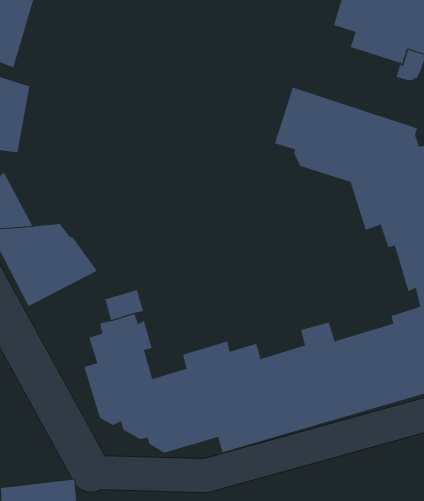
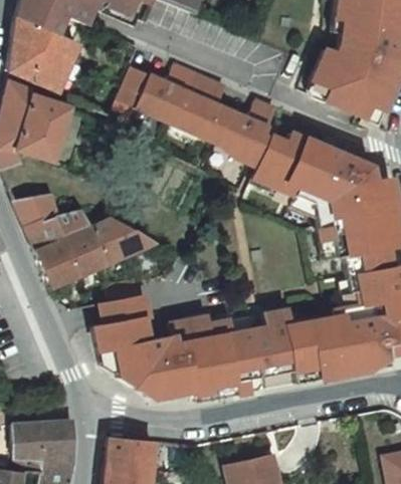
building: none -> [107,65,277,165]
building: none -> [92,212,156,256]

